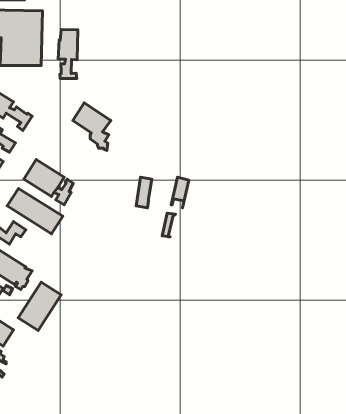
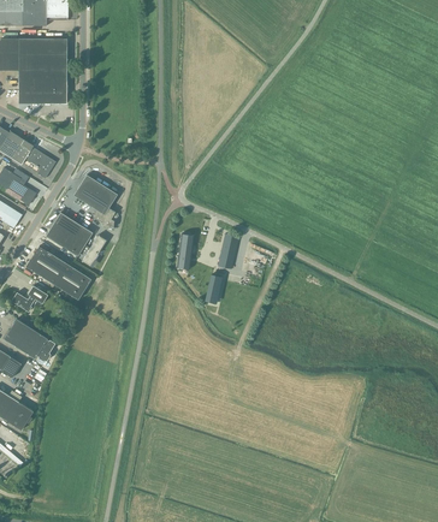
building: [58,30,78,79] -> none
building: [73,103,111,150] -> [72,173,117,229]
building: [18,282,61,330] -> none

